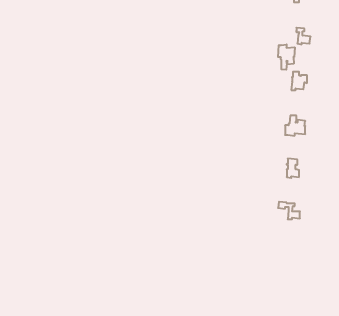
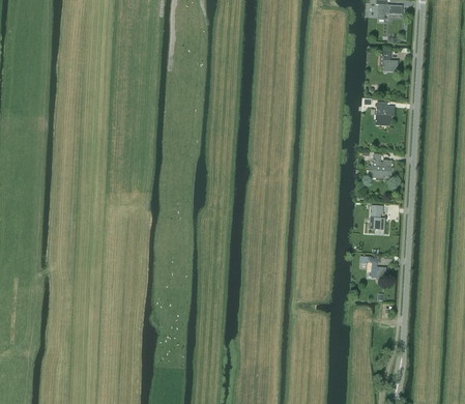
building: [278,44,295,70] -> none

